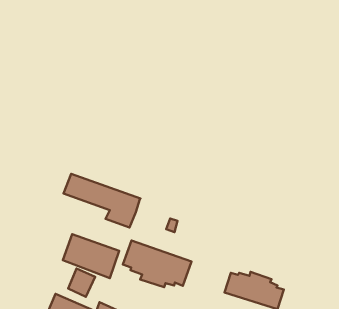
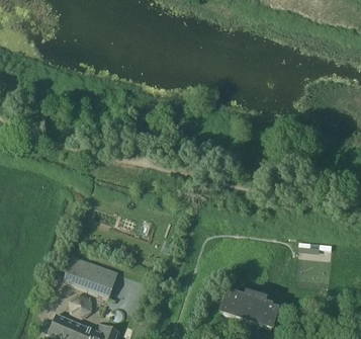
building: [64,174,140,227] -> none
building: [123,240,191,287] -> none

